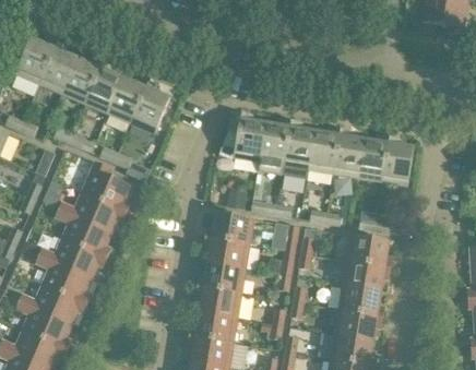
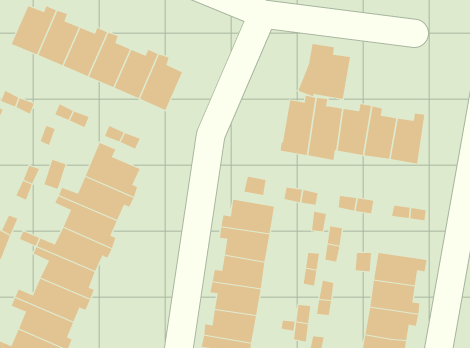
building: [219,110,267,160] -> [297,44,351,99]
building: [383,135,415,184] -> none
building: [347,234,394,266] -> none

